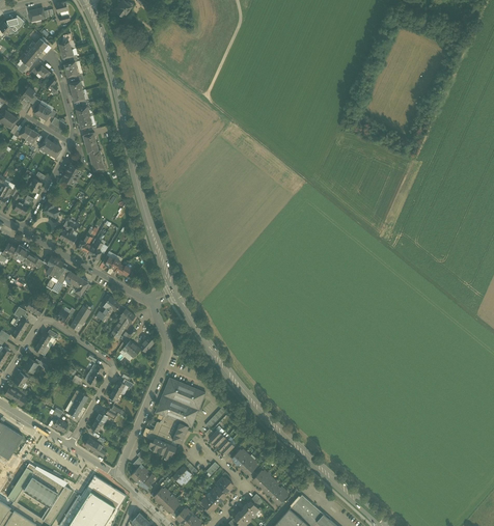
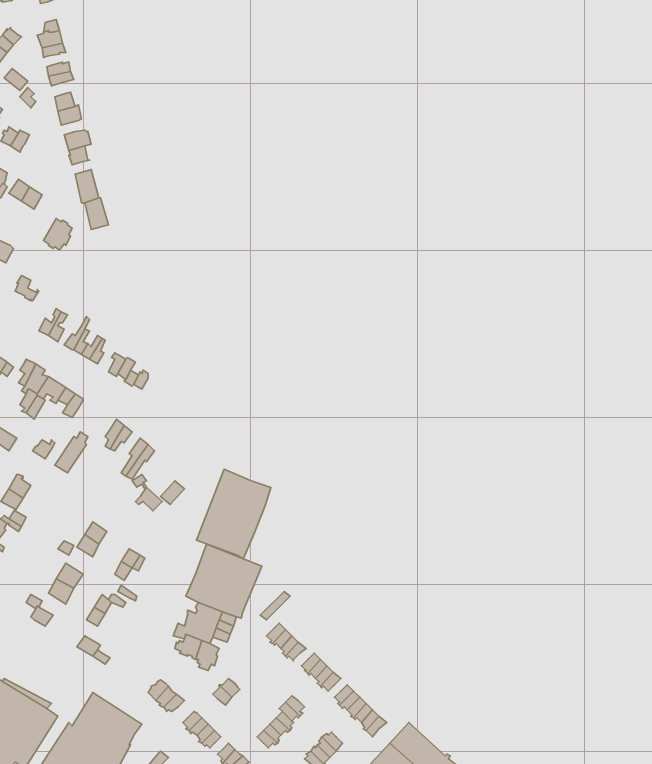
building: none -> [196,469,271,559]

